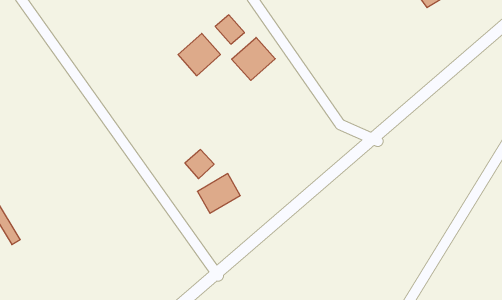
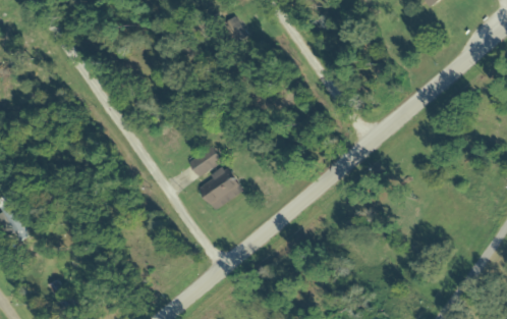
building: [178,33,220,76] -> none
building: [232,37,275,80] -> none

